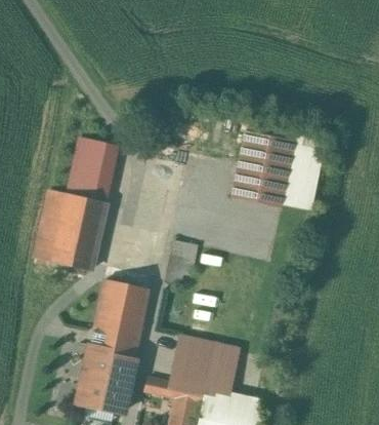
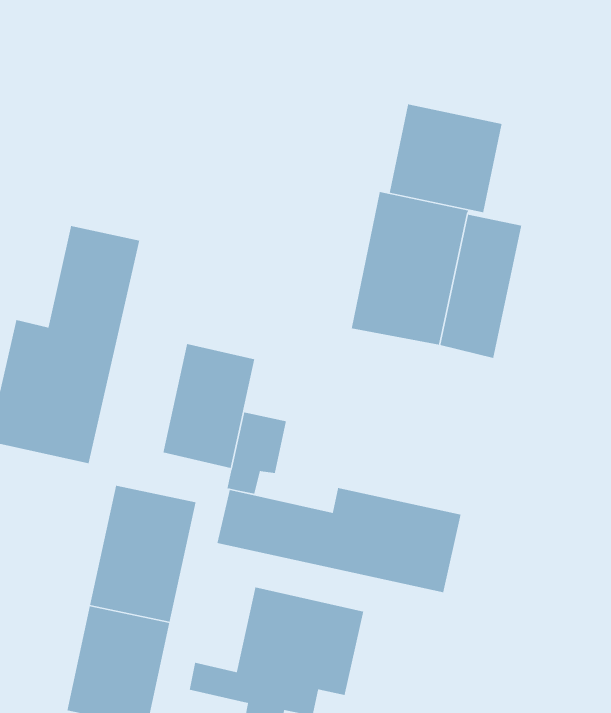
building: none -> [389,103,502,213]
building: none -> [162,343,255,469]
building: none -> [217,487,462,593]

